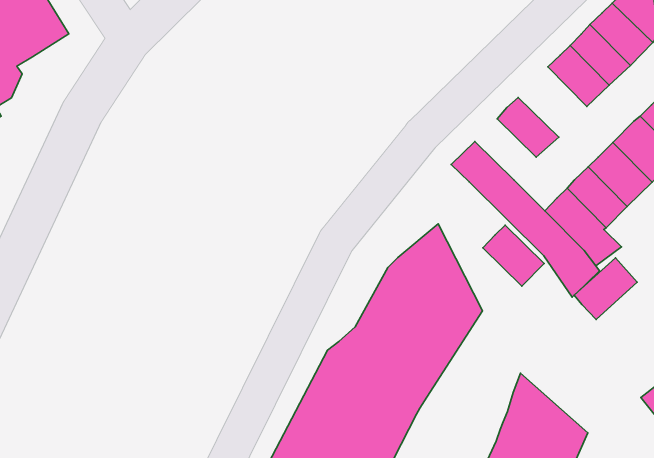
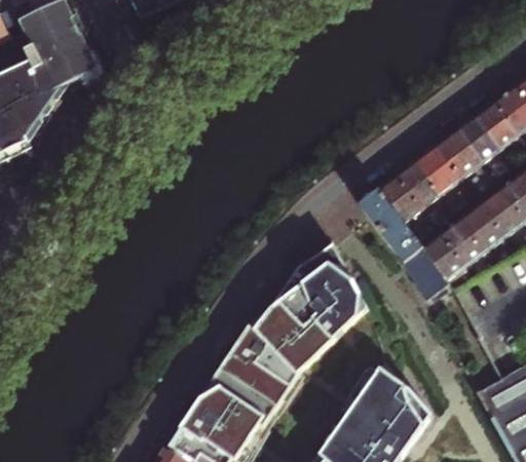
building: none -> [414,143,463,195]
building: [483,225,544,286] -> [378,176,421,222]
building: [574,258,637,320] -> none

